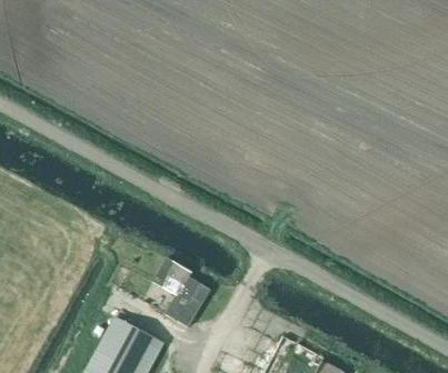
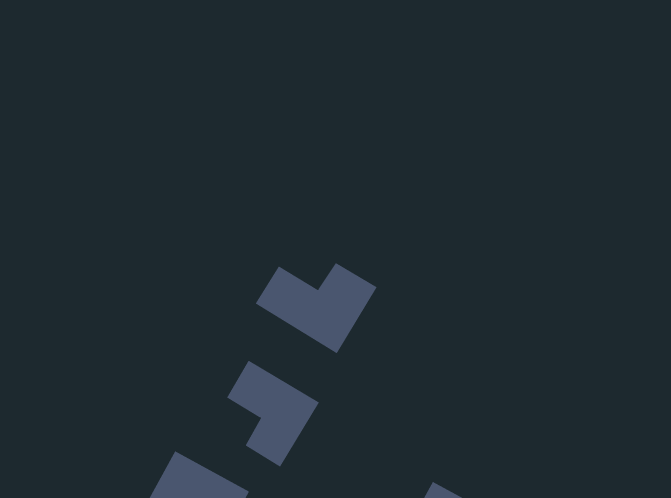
building: none -> [255,262,377,354]

